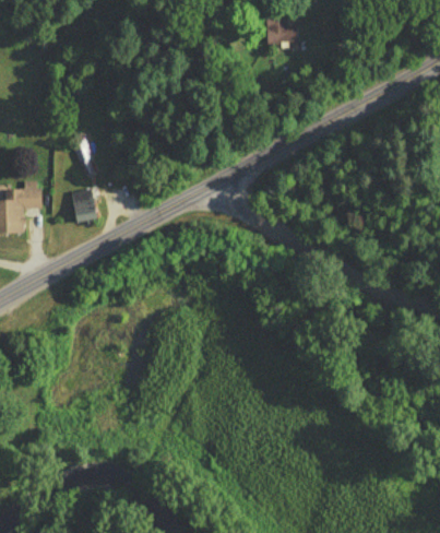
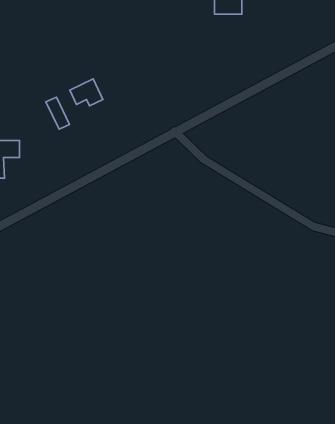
building: none -> [70,79,103,106]
building: [73,189,97,223] -> none

